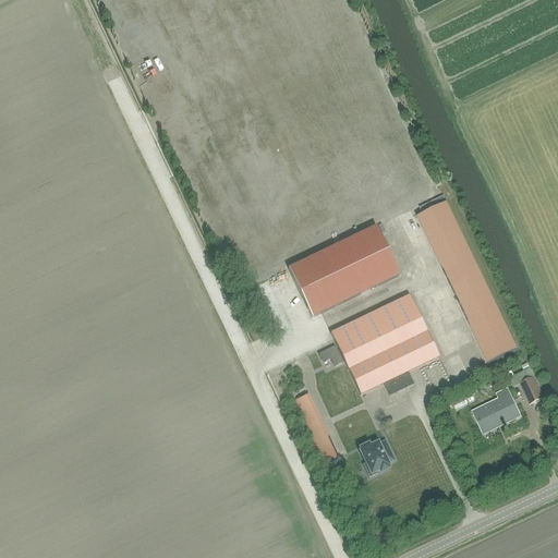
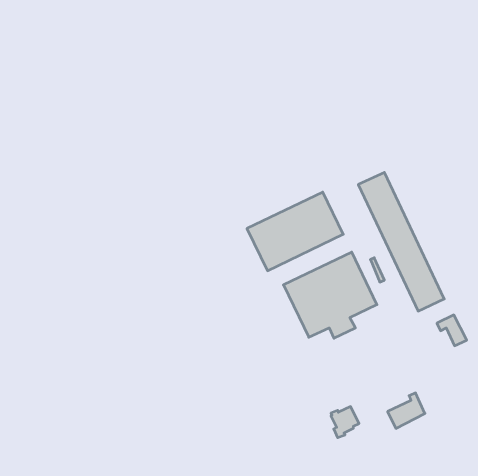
building: [474,389,518,430] -> [388,393,425,428]
building: [360,438,392,474] -> [331,407,359,438]

